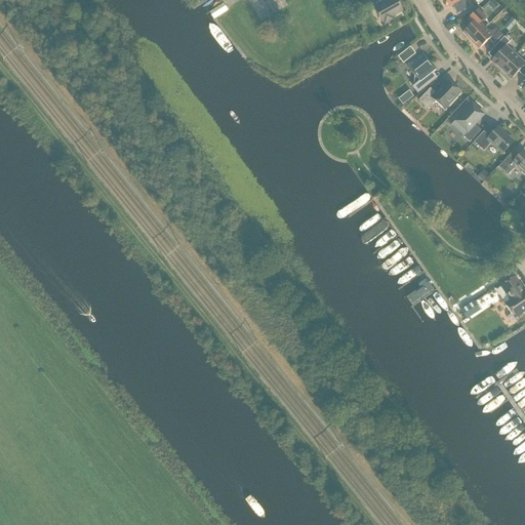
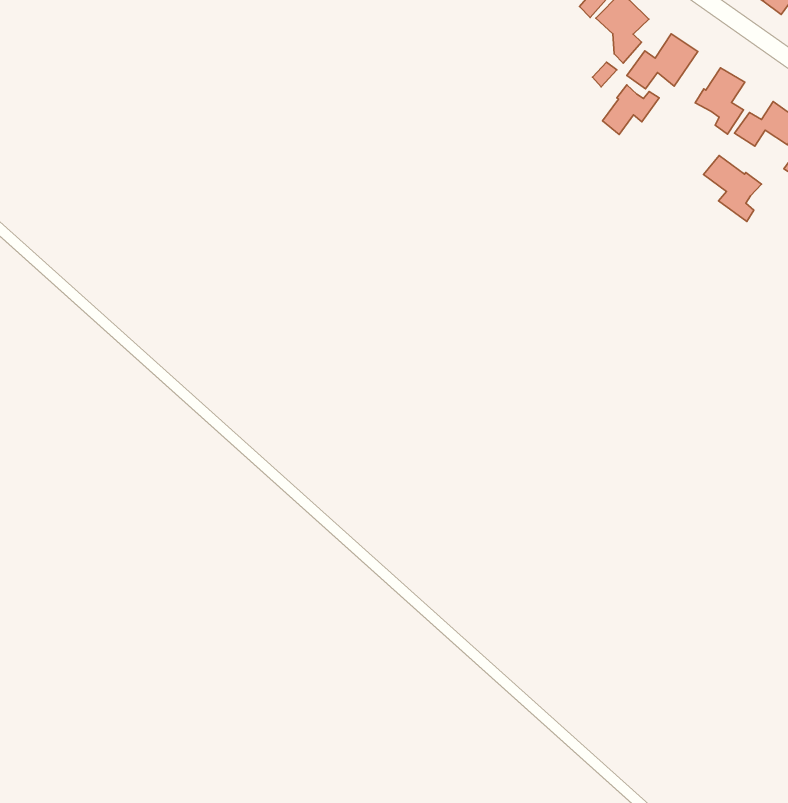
building: none -> [602,85,659,134]
building: none -> [703,156,761,221]

